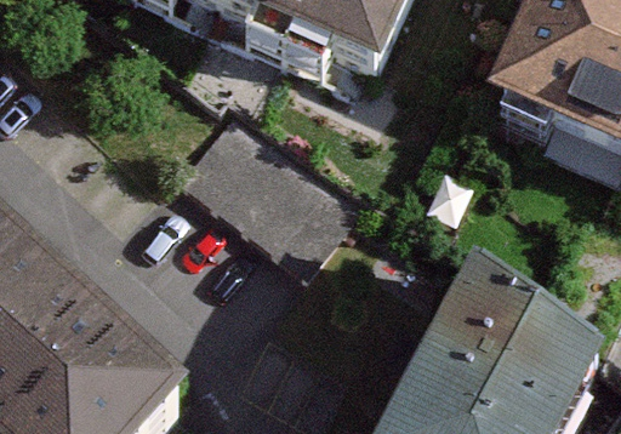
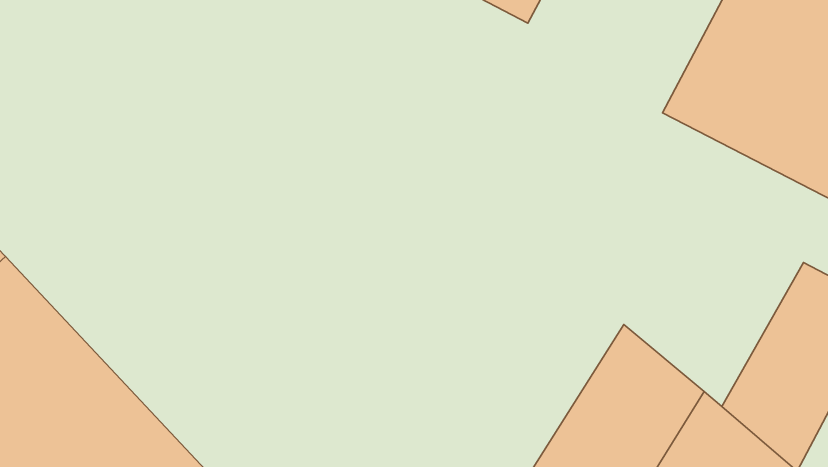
building: [175,108,360,280] -> none

